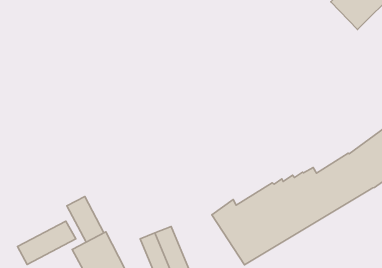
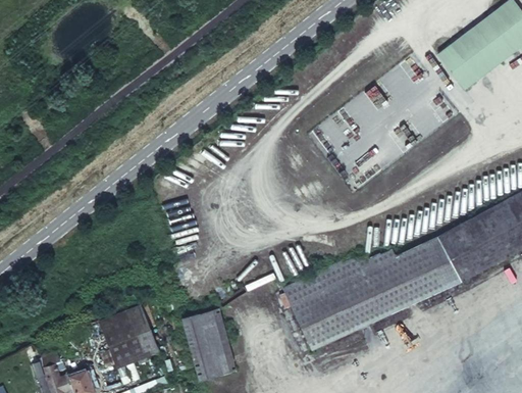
building: [67,196,104,242] -> none
building: [17,221,76,264] -> none

